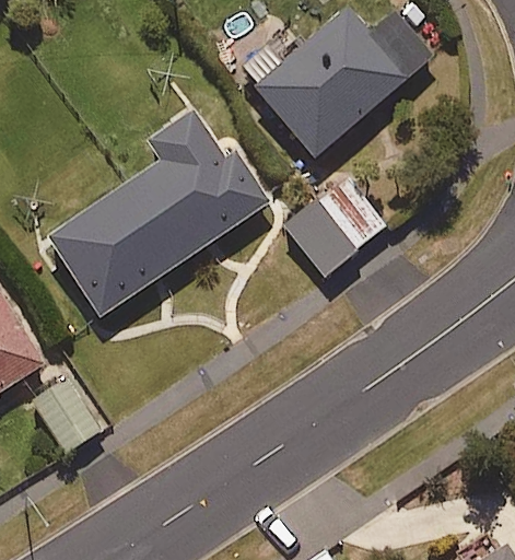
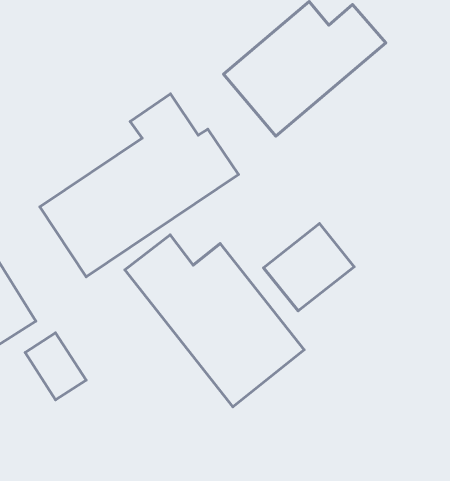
building: [284,176,385,273] -> [264,223,354,311]
building: none -> [125,235,304,407]

